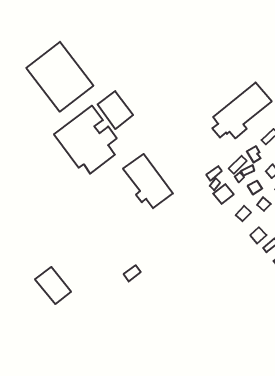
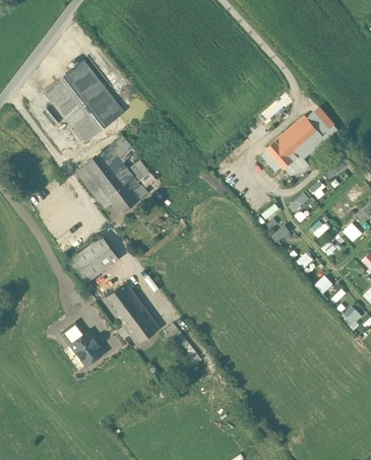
building: [98,91,133,129] -> none
building: [123,154,173,208] -> [102,281,161,345]
building: none -> [74,233,123,279]

